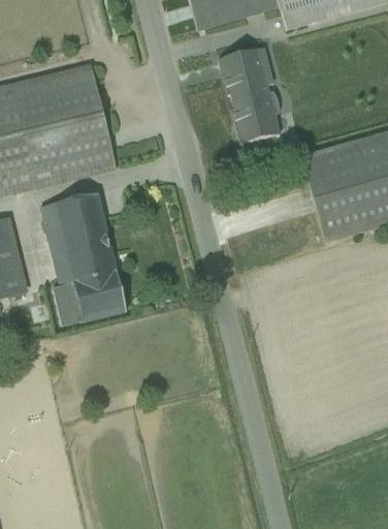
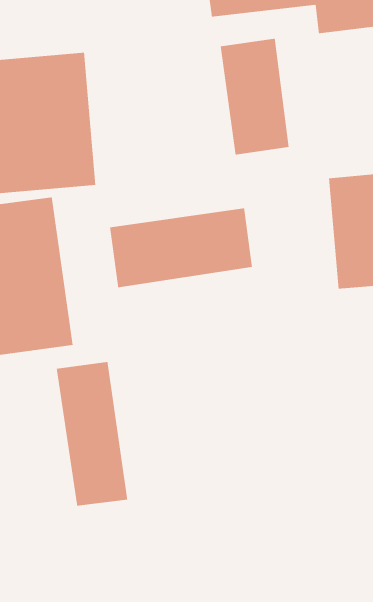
building: none -> [109,207,252,288]
building: none -> [56,361,128,507]

